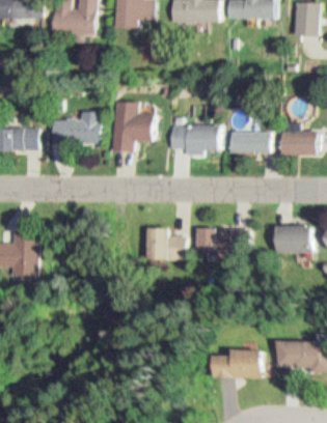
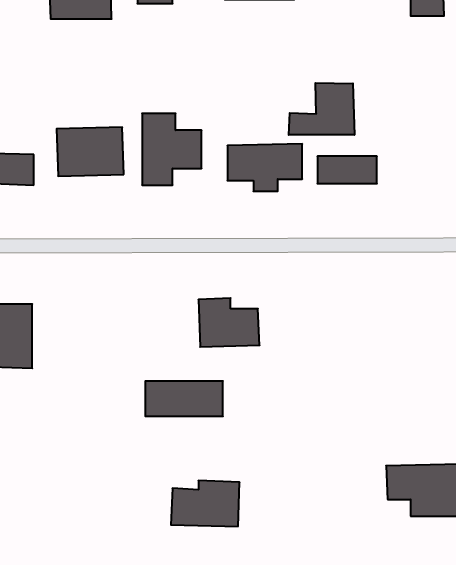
building: none -> [289,83,354,135]
building: [283,121,320,153] -> none
building: [279,225,316,251] -> none
building: [201,227,254,251] -> [145,381,223,416]
building: [216,350,263,382] -> [171,481,240,526]

